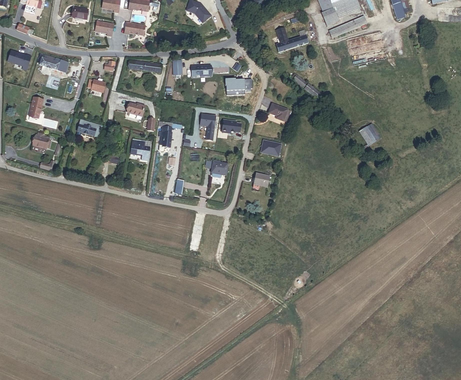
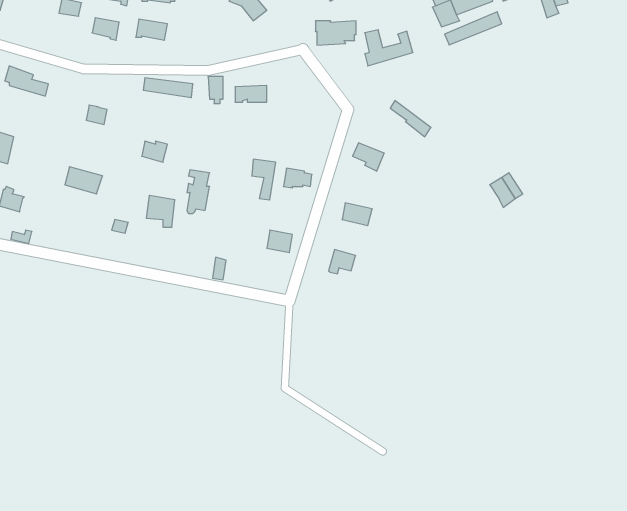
building: [226,79,253,95] -> [315,21,356,45]

